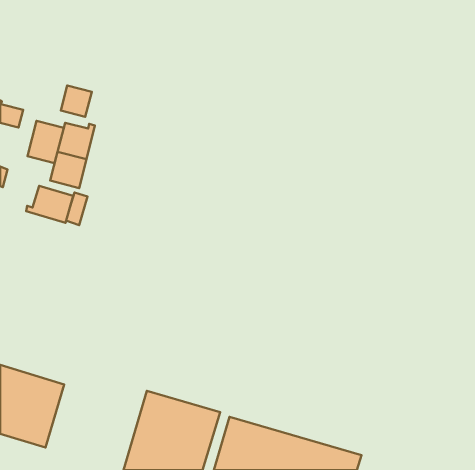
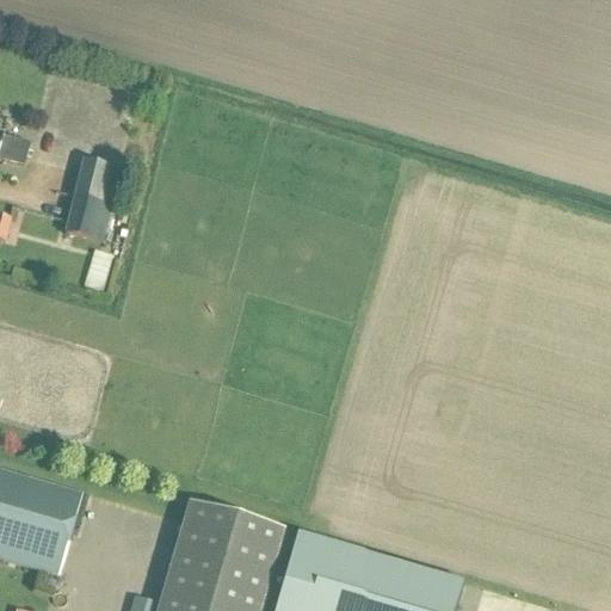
building: [61,85,92,117] -> none
building: [27,121,64,163] -> none
building: [26,186,73,223] -> none

